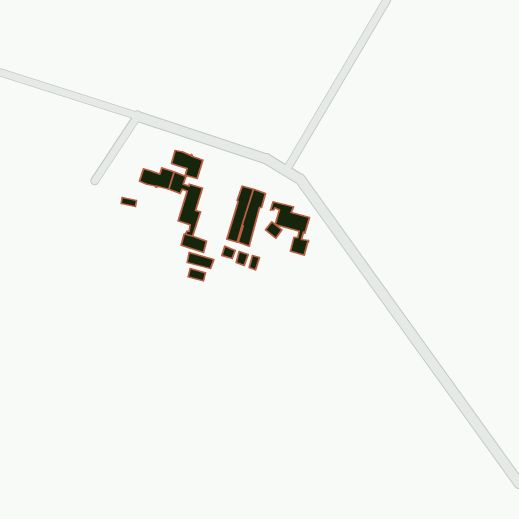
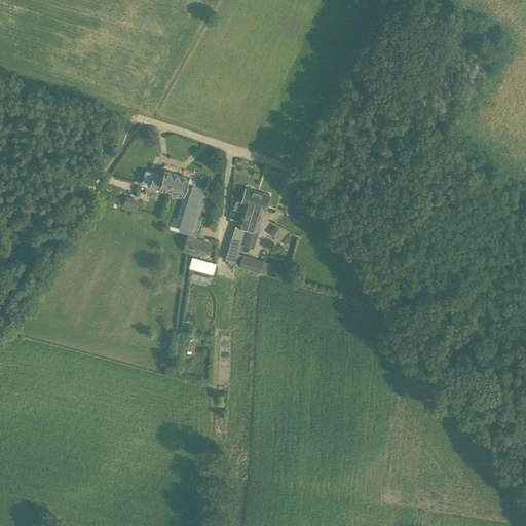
building: [171,151,203,178] -> none
building: [271,202,310,255] -> none

